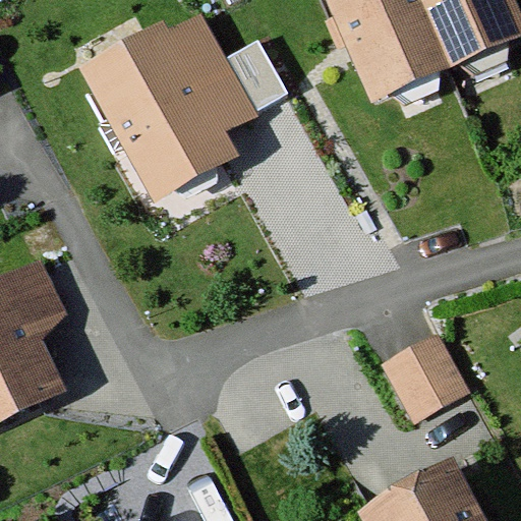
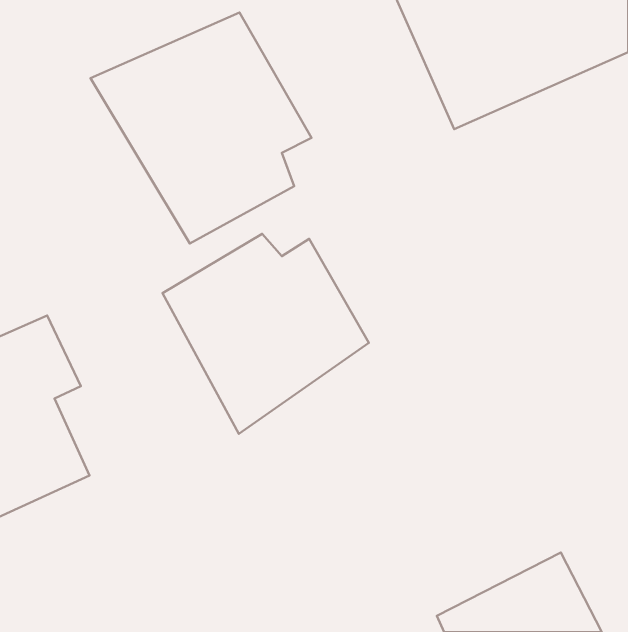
building: none -> [163,234,369,434]
building: [382,335,468,422] -> none

